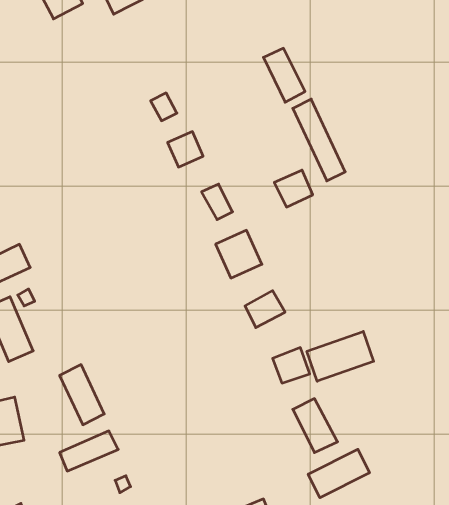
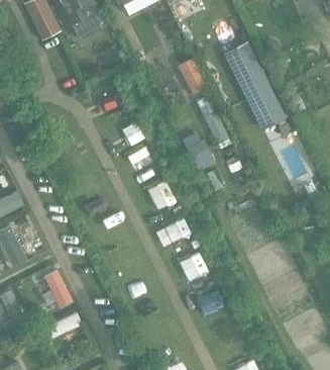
building: none -> [222,42,283,128]
building: [307,331,374,381] -> none
building: [308,449,369,498] -> none

